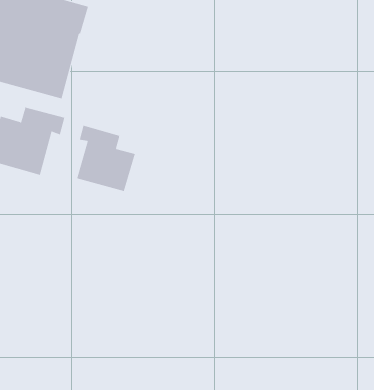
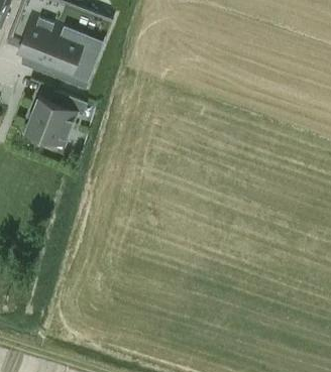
building: [76,125,136,192] -> none

